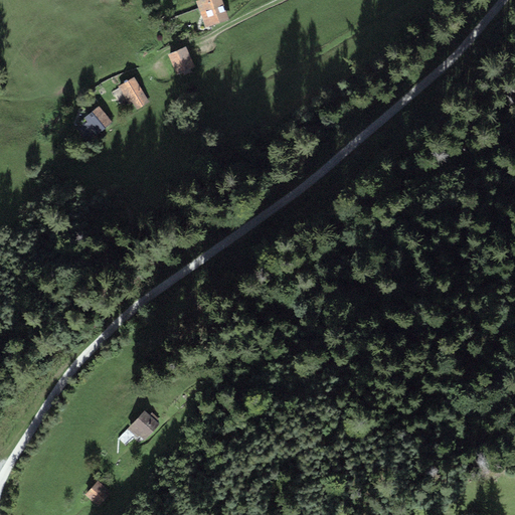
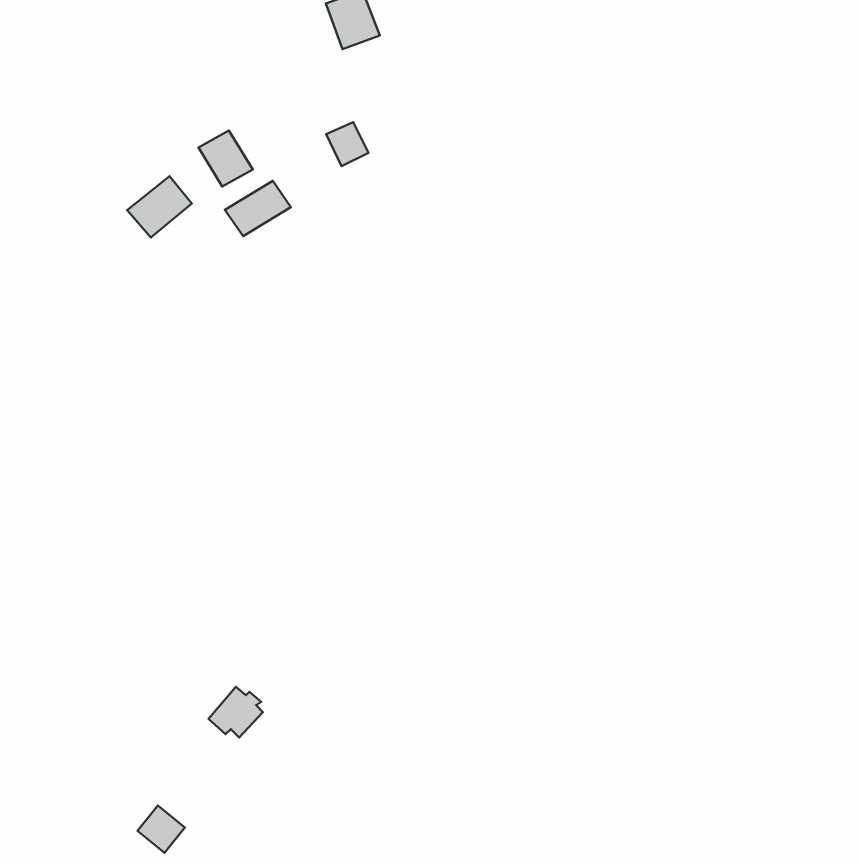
building: [168,48,193,74] -> [326,122,369,166]
building: none -> [225,181,291,236]

